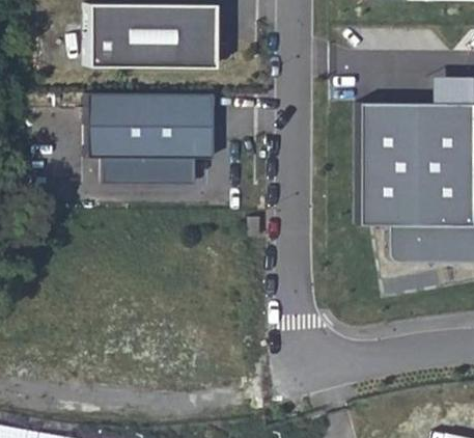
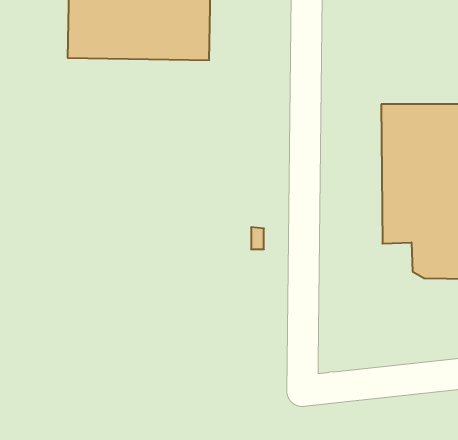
building: [91,93,213,184] -> none

